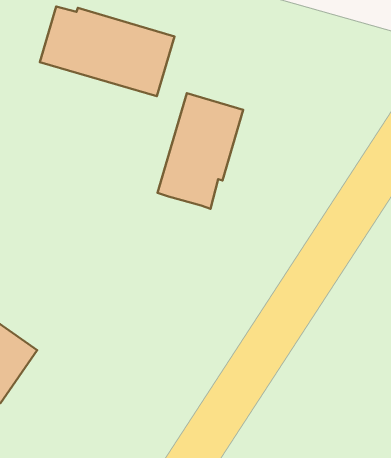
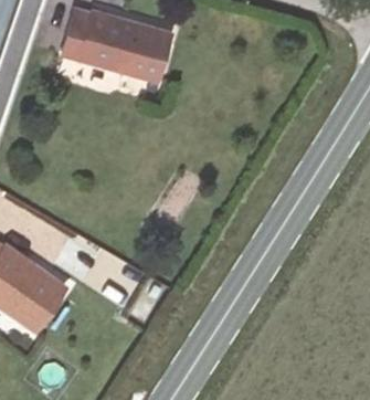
building: [157,93,243,209] -> none

